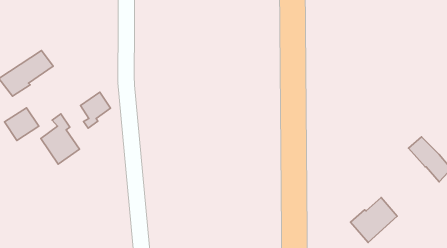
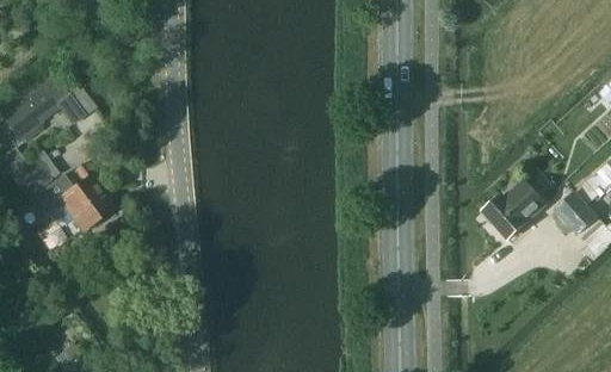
building: [80,92,111,128] -> none
building: [350,198,397,243] -> [482,178,545,238]

